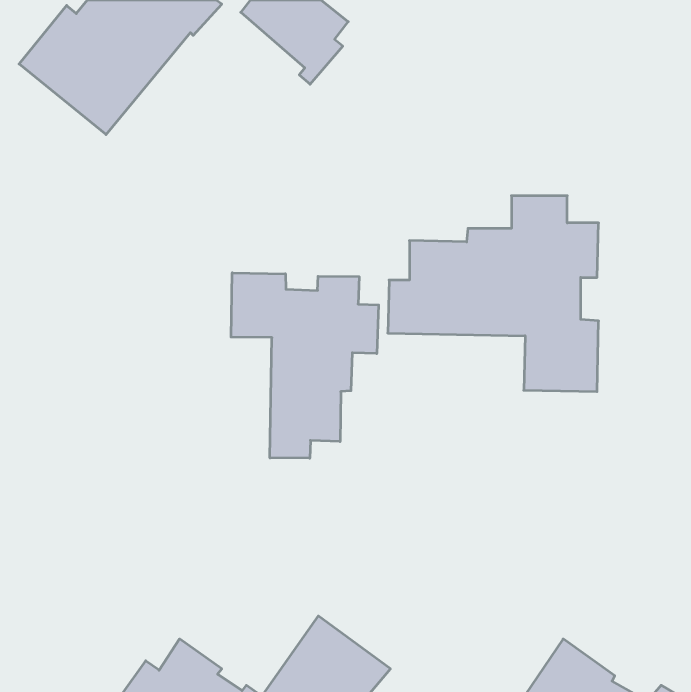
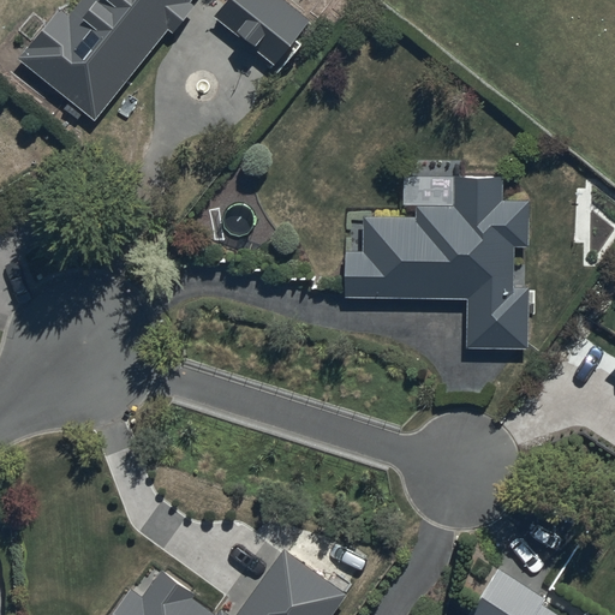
building: [231,273,379,458] -> none

